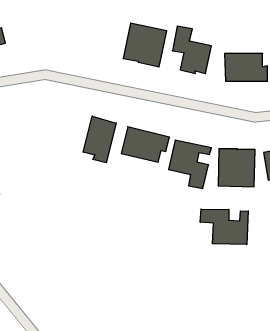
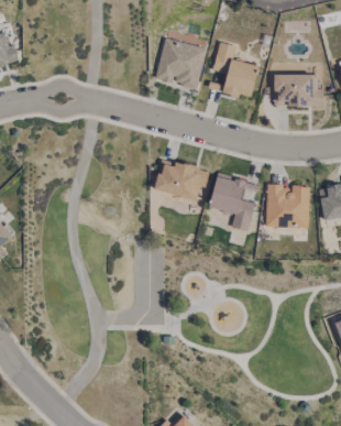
building: [83,116,116,163] -> none
building: [200,209,248,245] -> none

